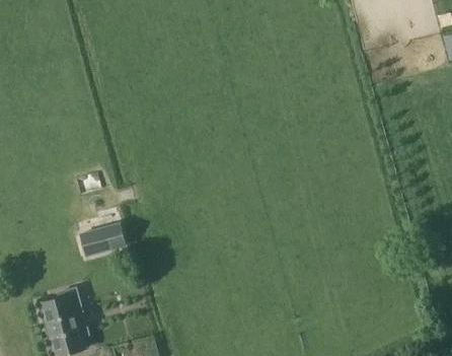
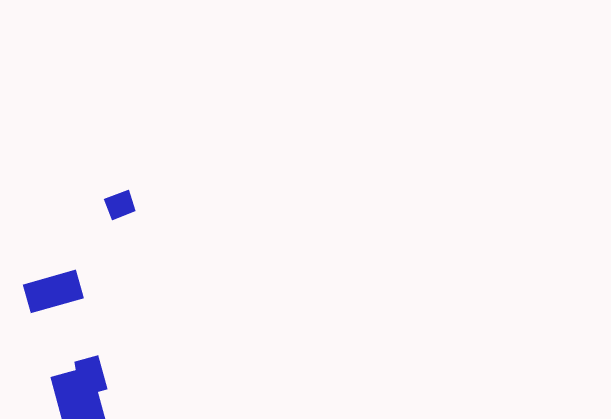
building: [79,220,125,253] -> [22,269,85,314]

